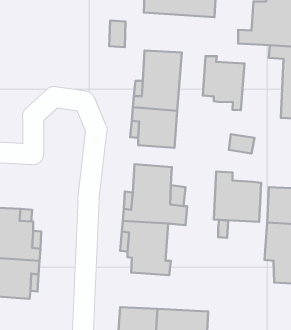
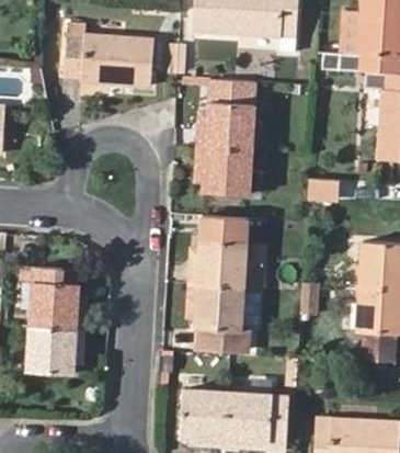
building: none -> [62,24,152,87]
building: [203,56,245,110] -> none
building: [214,172,261,222] -> none

